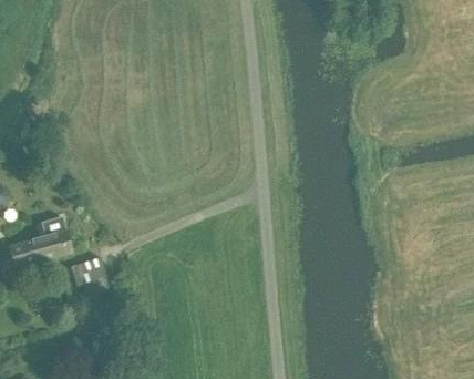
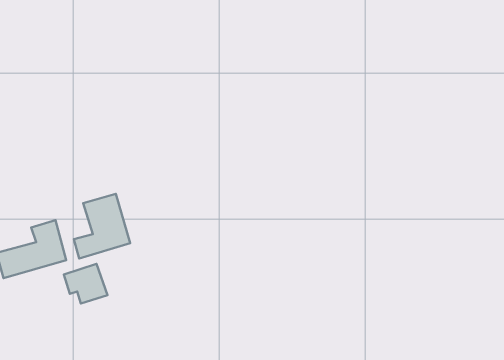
building: none -> [74,194,130,258]

